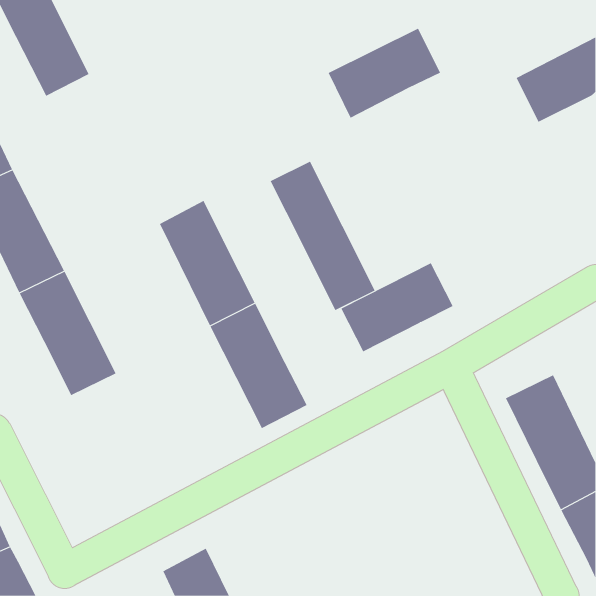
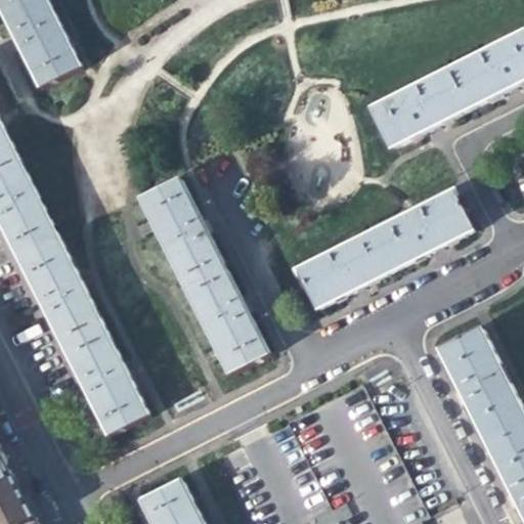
building: [328,28,441,119] -> [369,68,468,146]
building: [270,161,376,311] -> none
building: none -> [375,188,471,266]
building: none -> [61,324,146,434]

